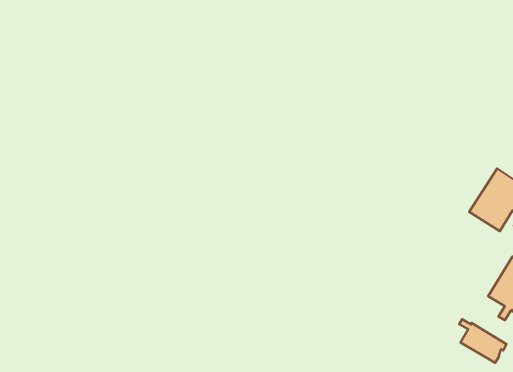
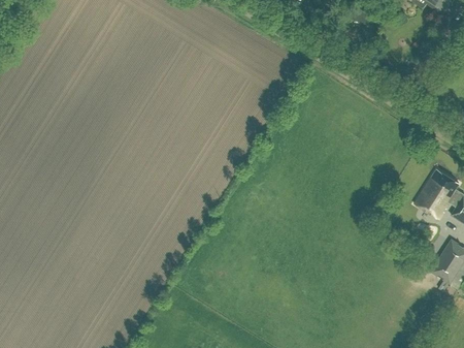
building: [459,319,507,363] -> none

